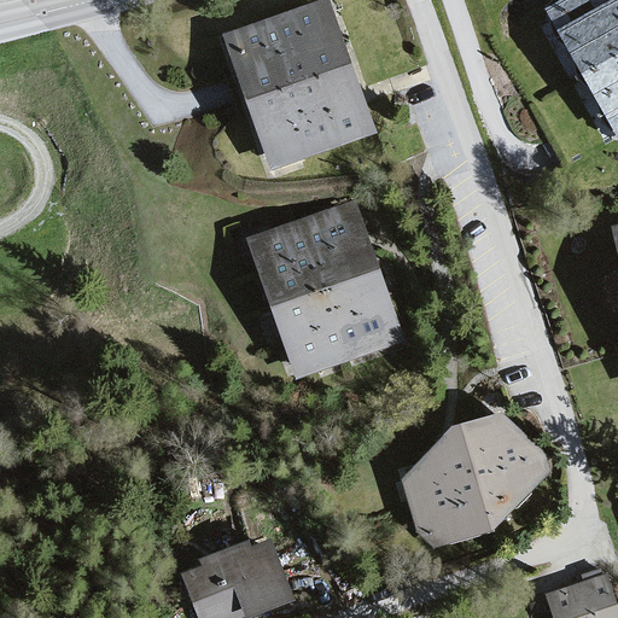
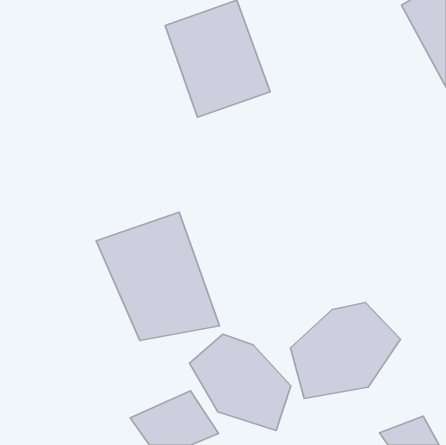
building: [237,194,407,372] -> [96,212,219,341]
building: none -> [189,334,291,431]

